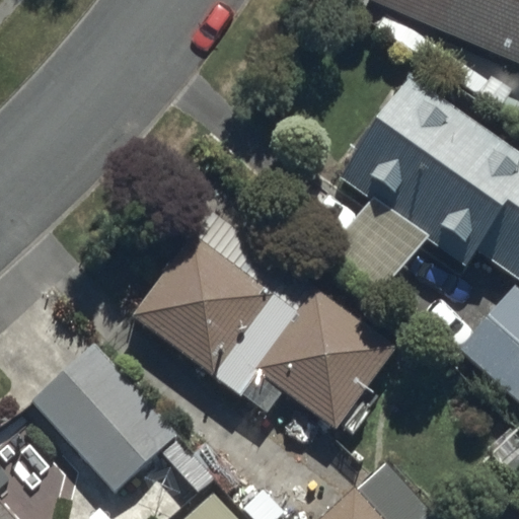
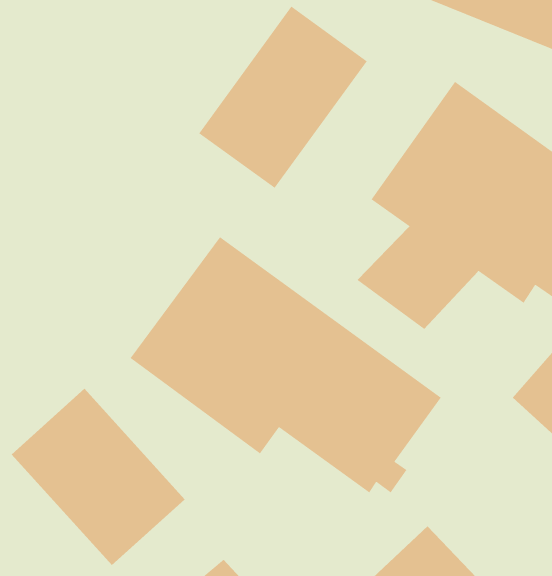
building: none -> [198,6,368,189]

